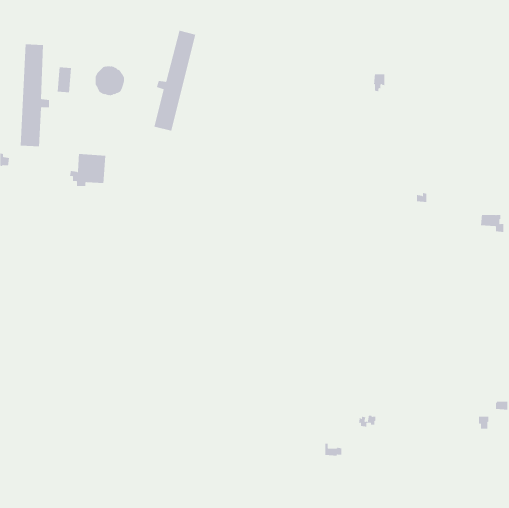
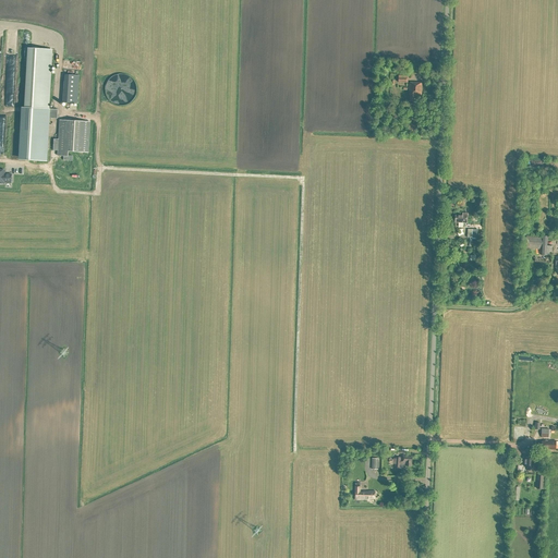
building: [154,30,196,131] -> none
building: [69,154,106,187] -> [49,118,89,154]

